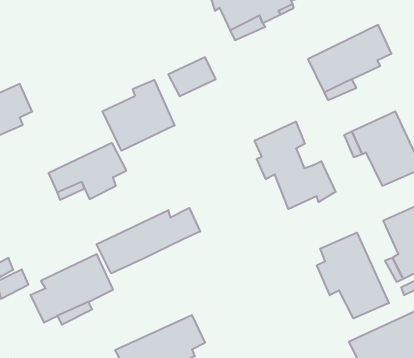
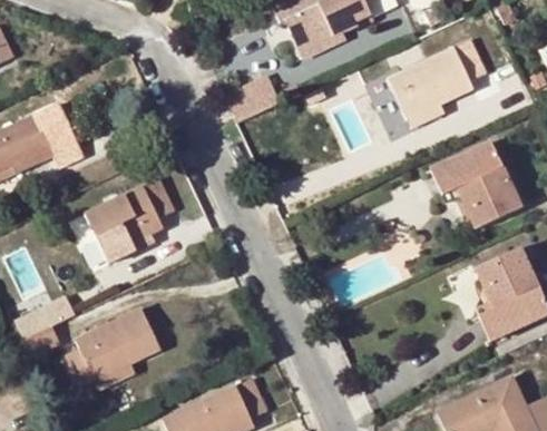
building: [102,80,175,151] -> none
building: [255,122,336,209] -> none
building: [97,208,200,273] -> none
building: [317,233,389,318] -> none

